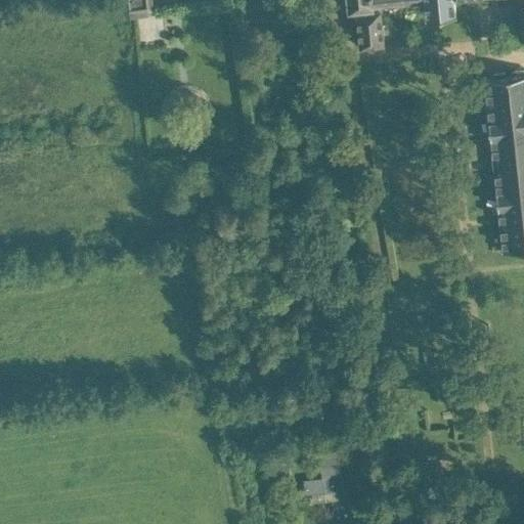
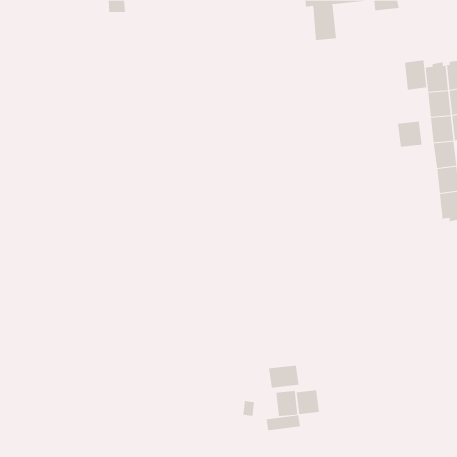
building: none -> [404,59,427,91]
building: none -> [398,121,422,147]
building: none -> [269,365,299,388]
building: none -> [296,390,320,415]

